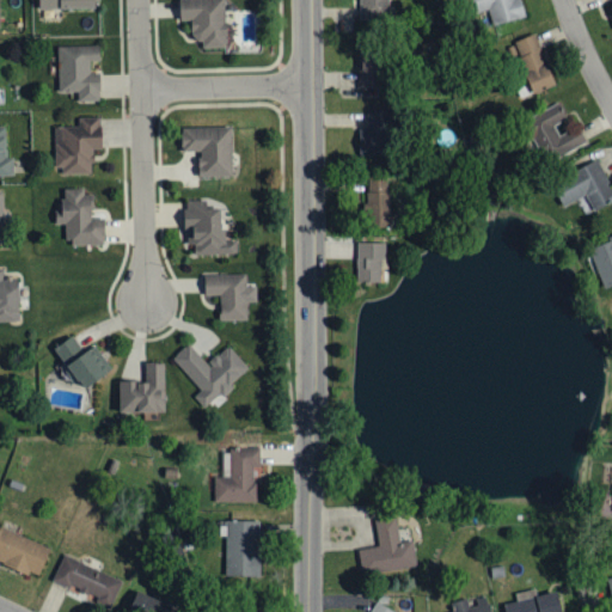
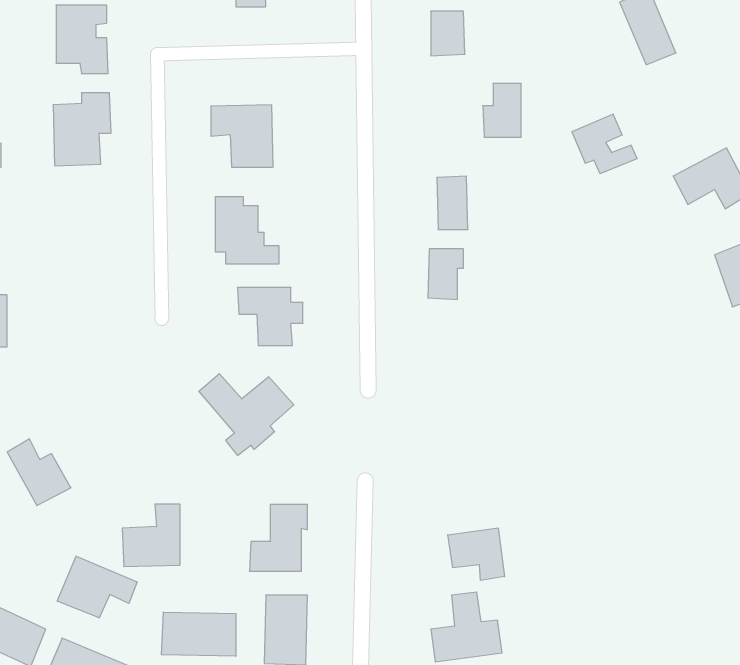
building: [527,103,580,151] -> [572,114,637,173]
building: [360,111,391,154] -> [483,84,521,137]
building: [63,190,106,245] -> none
building: [57,336,109,390] -> [7,439,71,506]
building: [120,363,166,414] -> [122,504,180,567]
building: none -> [448,528,505,580]
building: none -> [57,556,137,618]
building: none -> [162,612,236,656]

